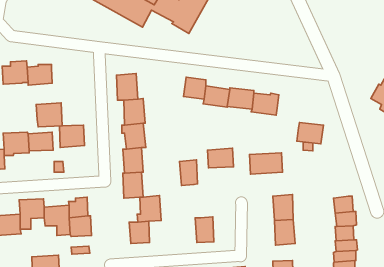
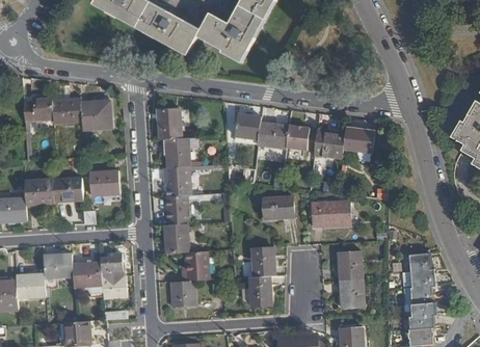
building: [36,103,62,127] -> [80,101,110,129]
building: [297,122,324,144] -> [343,128,374,153]
building: [180,160,198,186] -> [251,247,272,277]

